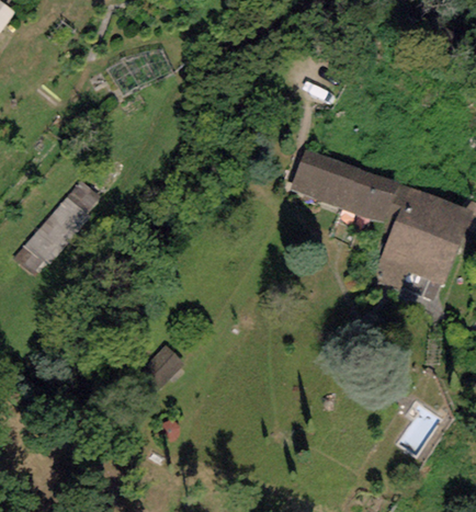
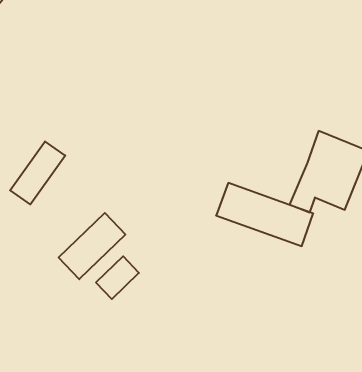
building: [287,148,409,227] -> [216,183,313,246]
building: none -> [59,213,125,279]

